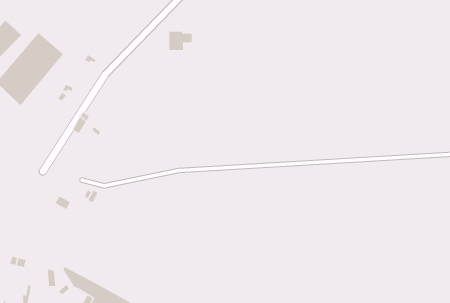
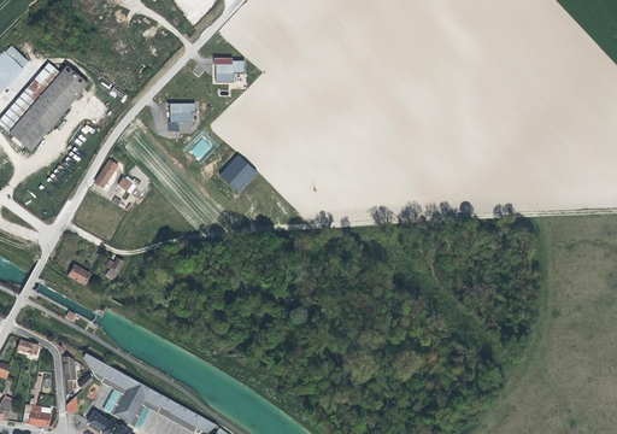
building: none -> [170,102,198,133]
building: none -> [221,156,258,193]

